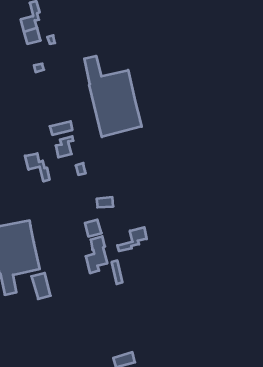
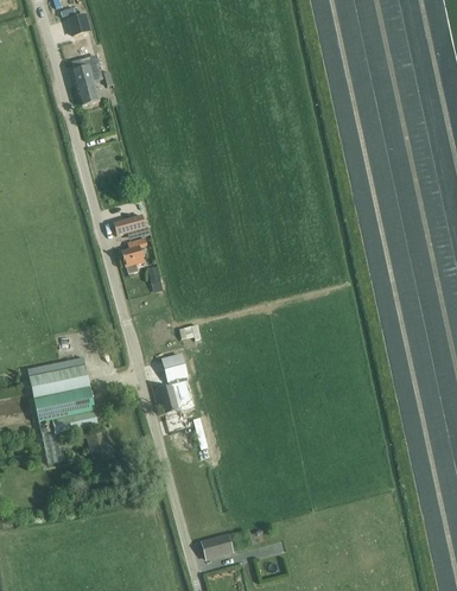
building: [84,56,142,137] -> none
building: [25,153,49,181] -> none
building: [117,227,147,251] -> none

